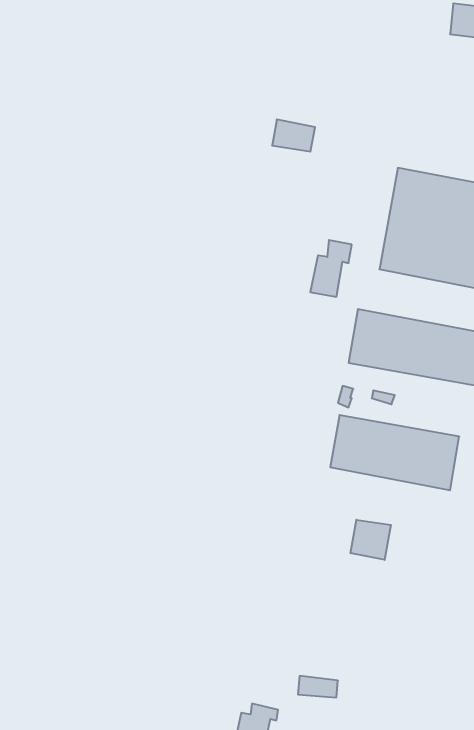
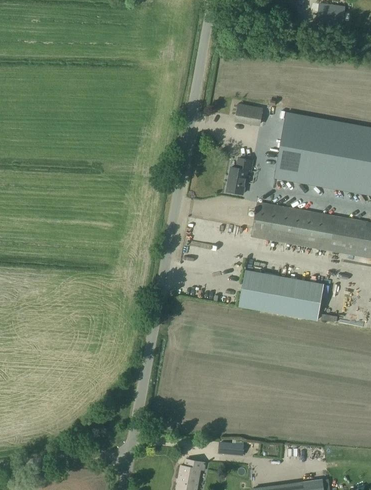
building: [272,119,315,152] -> [236,105,264,126]
building: [351,520,391,560] -> none

